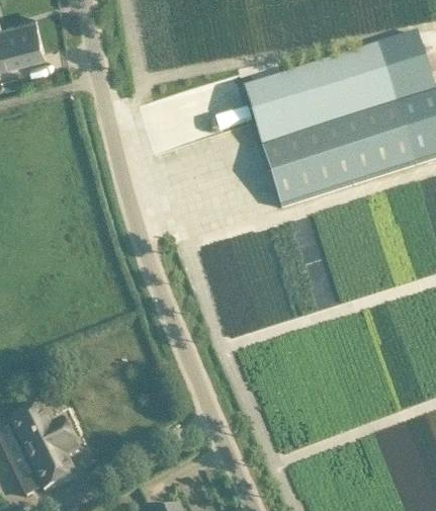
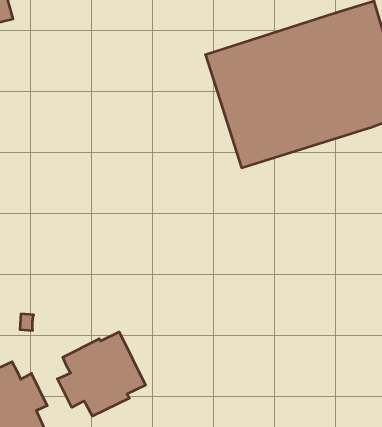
building: none -> [57,332,145,416]

